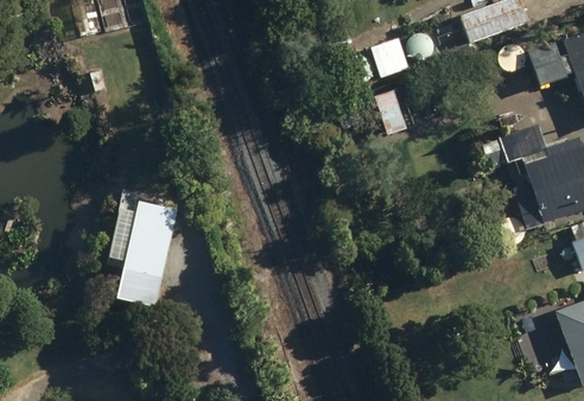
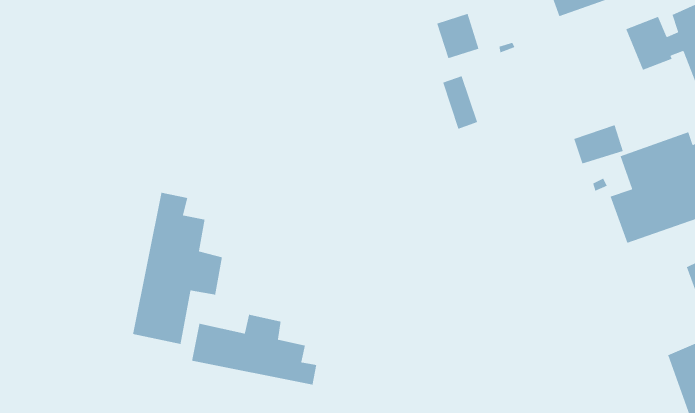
building: none -> [191,314,317,386]

